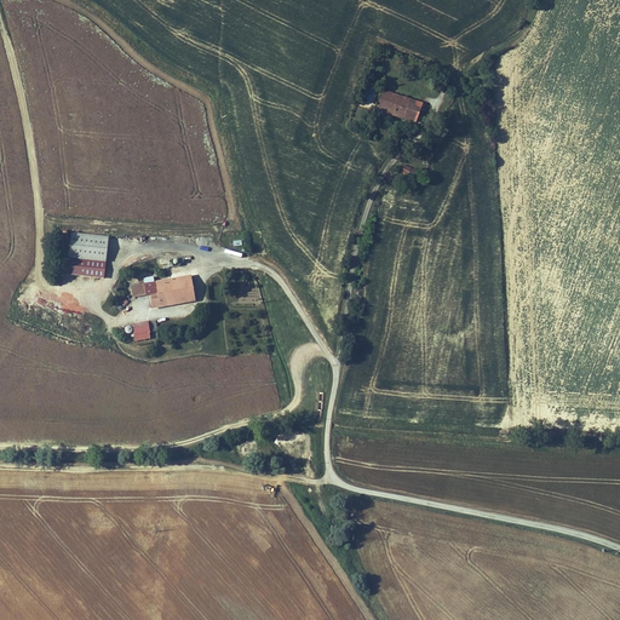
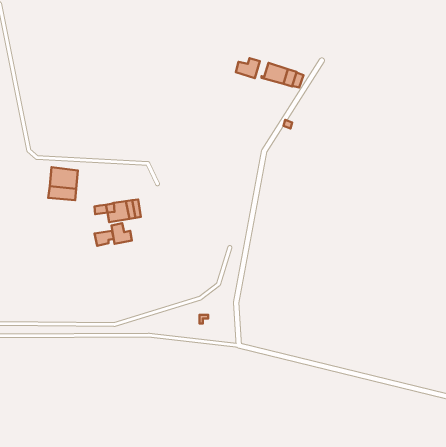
building: none -> [236,58,260,78]
building: none -> [112,223,132,244]

